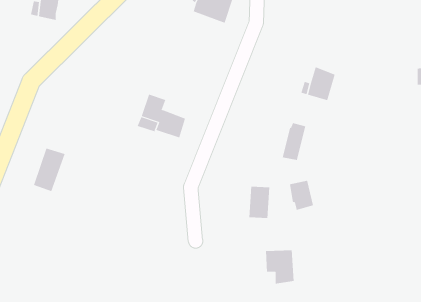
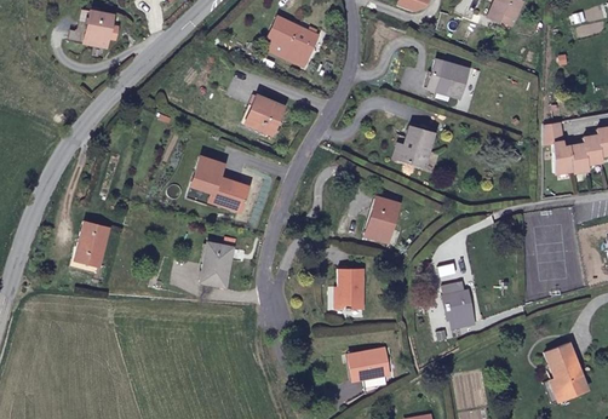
building: none -> [430,56,470,93]
building: none -> [252,93,286,131]
building: none -> [202,235,237,277]
building: [289,180,314,210] -> [441,287,471,325]

